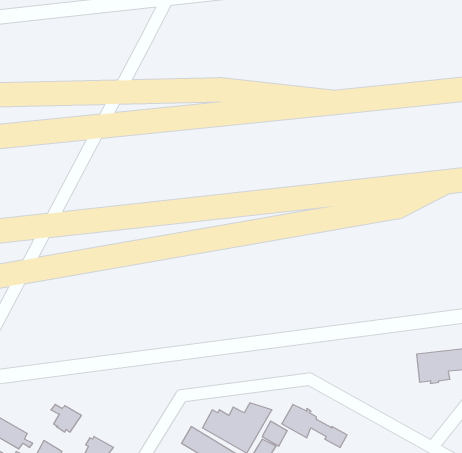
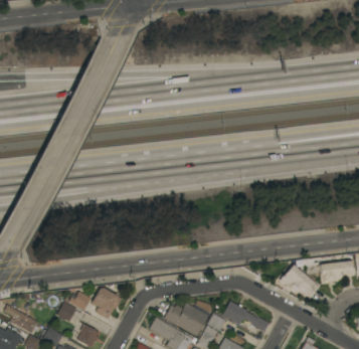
building: none -> [279,265,318,299]
building: none -> [68,286,121,316]

